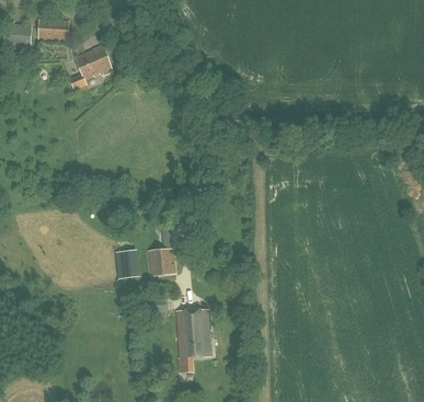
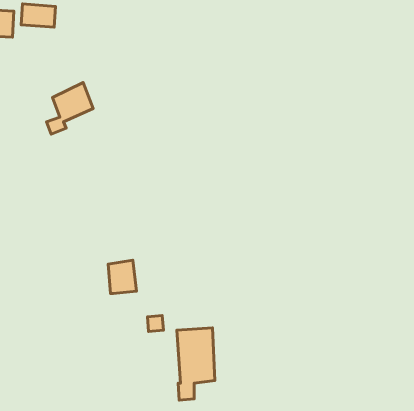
building: [69,45,111,91] -> [46,83,93,134]
building: [148,231,176,275] -> none

